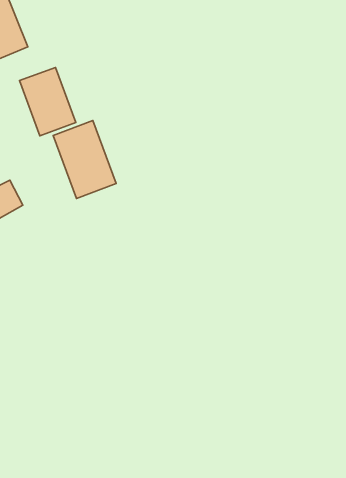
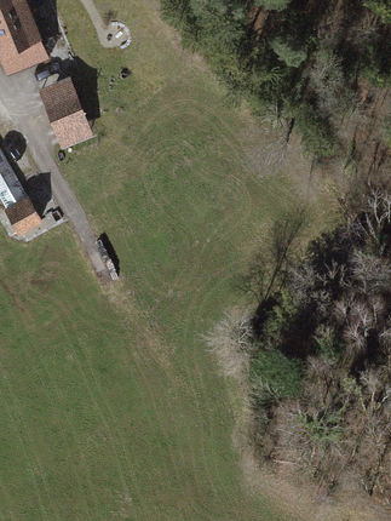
building: [53,121,116,198] -> none

